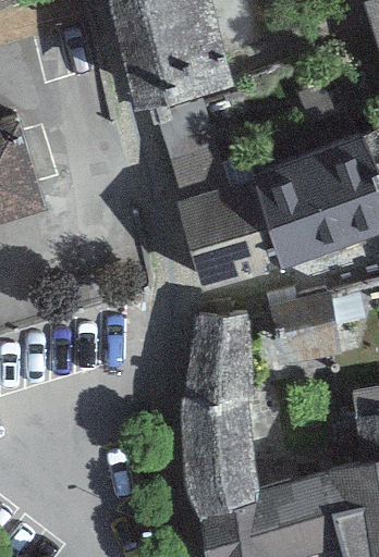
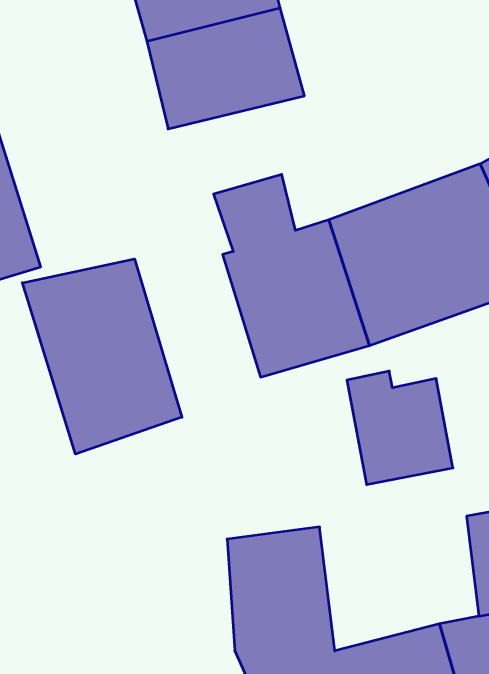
building: none -> [22,259,182,454]
building: [182,312,255,408] -> none

